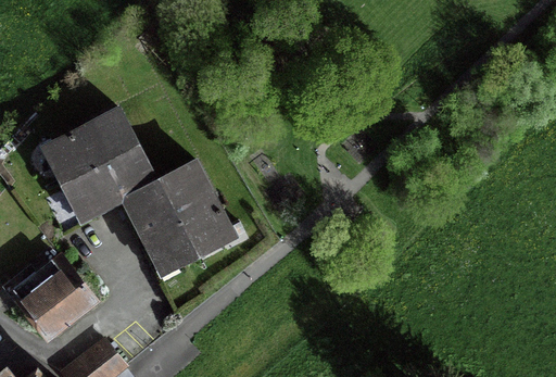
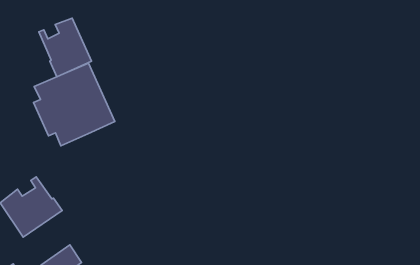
building: none -> [39,18,92,77]
building: [122,161,229,265] -> none

